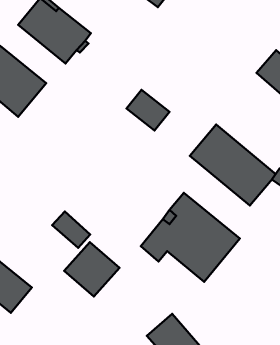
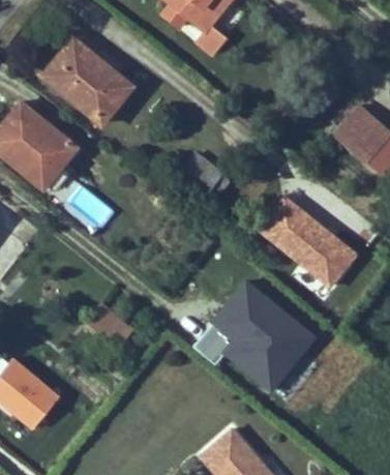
building: [64,242,119,297] -> none

